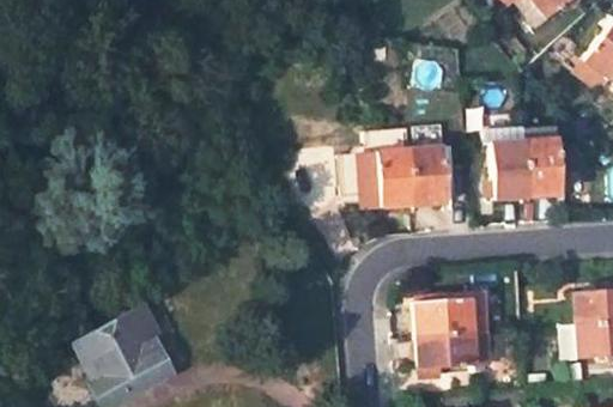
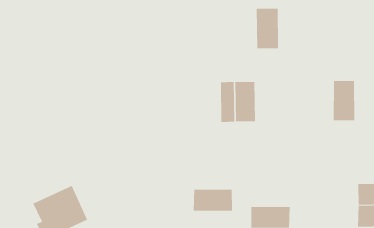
building: [494,139,530,201] -> none
building: [411,145,449,207] -> [256,8,279,49]
building: [414,298,475,334] -> [193,189,233,211]
building: [79,308,170,381] -> none

